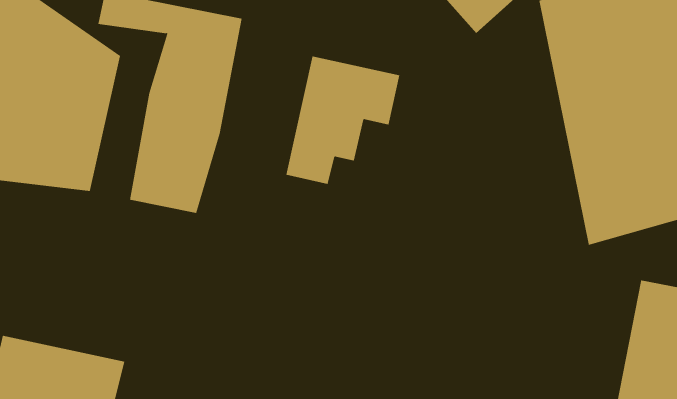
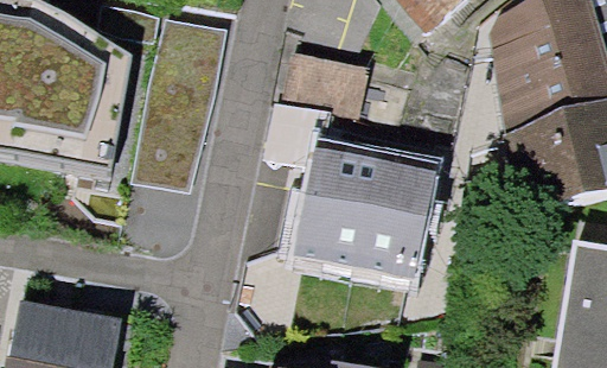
building: none -> [293,151,436,283]

